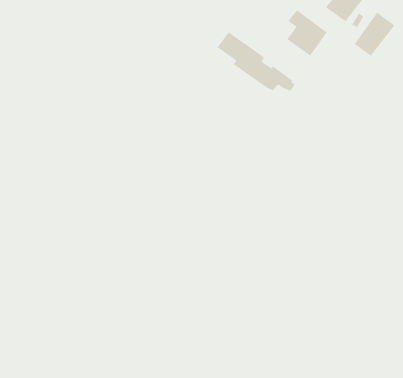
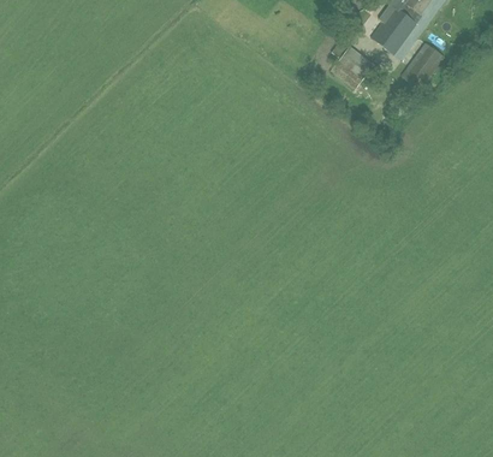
building: [217,32,295,91] -> none

